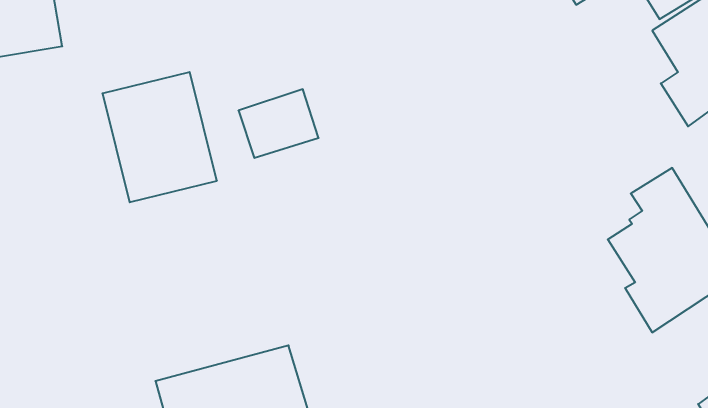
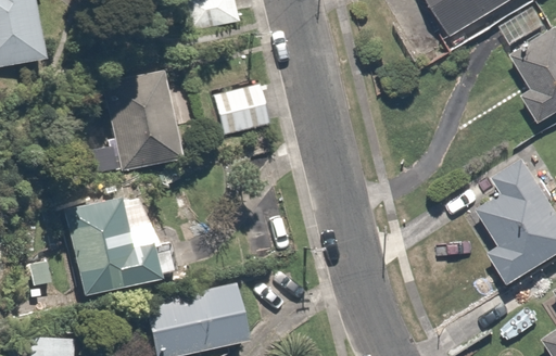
building: none -> [55,198,170,305]

